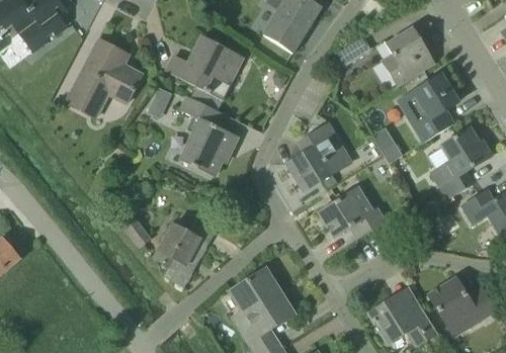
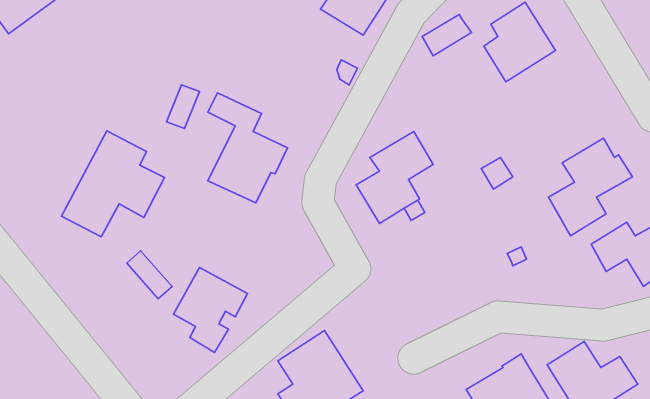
building: [167,34,242,97] -> none
building: [66,38,142,116] -> [61,131,164,237]
building: [397,74,457,143] -> none
building: [318,186,387,238] -> none

